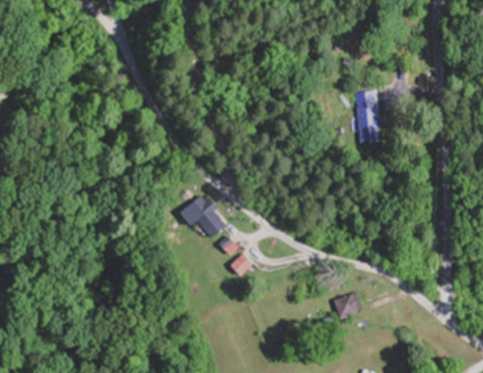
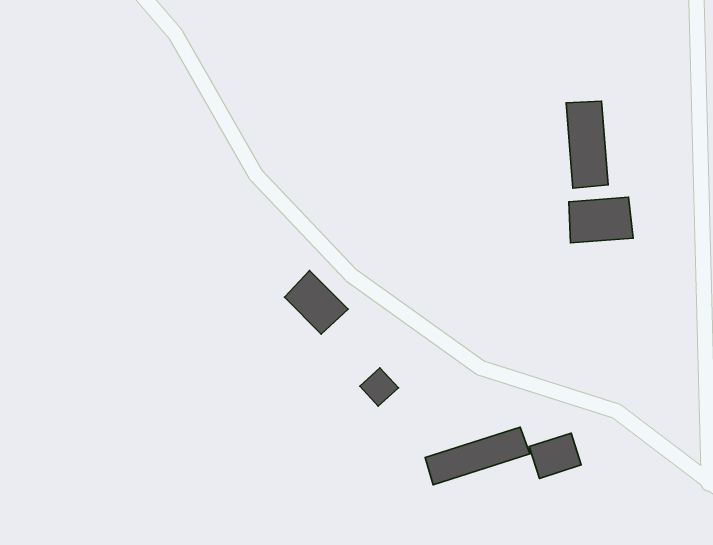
building: none -> [569,197,633,243]
building: none -> [425,427,530,485]

